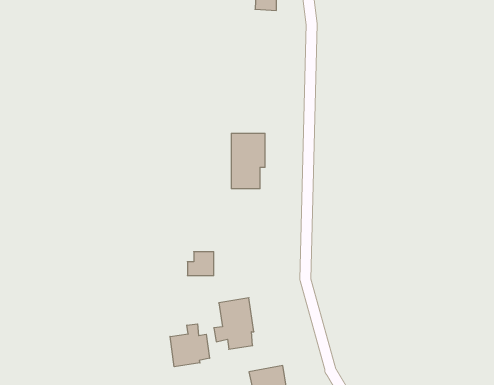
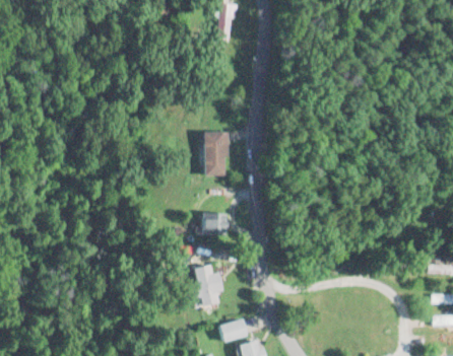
building: [187,252,214,276] -> [202,214,223,233]
building: [170,324,210,367] -> none

